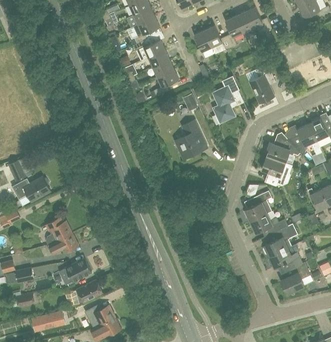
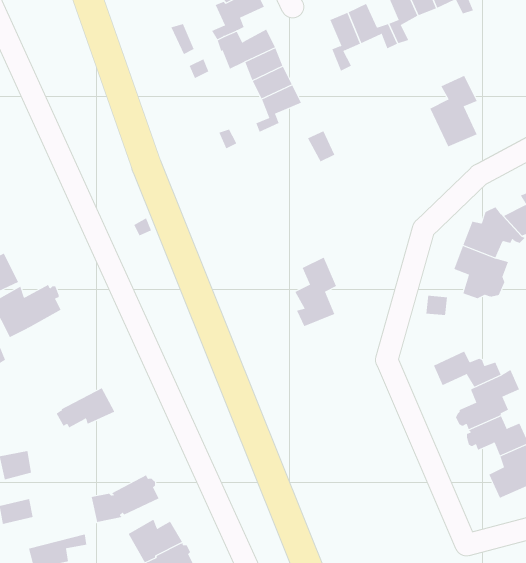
building: [212,77,243,123] -> none
building: [178,120,201,158] -> [294,257,337,327]
building: [244,190,271,221] -> none
building: [46,218,71,245] -> none
building: [58,258,91,284] -> none

